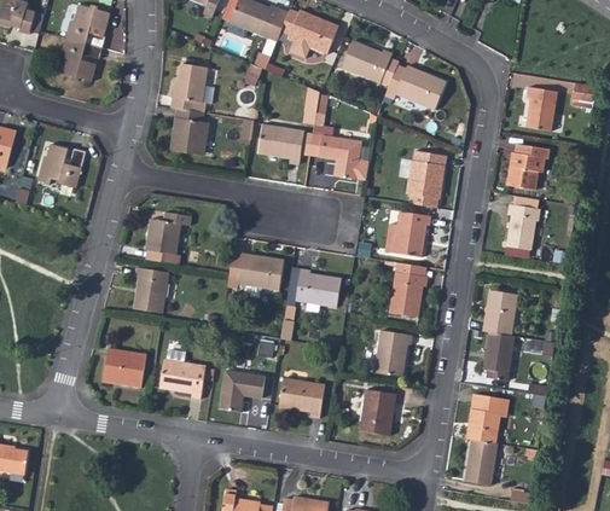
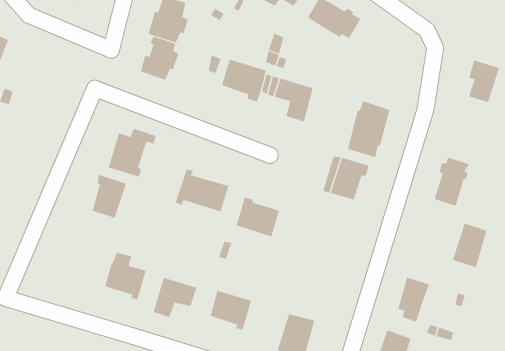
building: [387,62,447,108] -> none
building: [40,144,87,186] -> none
building: [507,144,553,188] -> none
building: [389,262,428,315] -> none
building: [484,289,518,336] -> [452,223,487,268]
building: [373,331,413,377] -> none
building: [101,350,144,389] -> none

